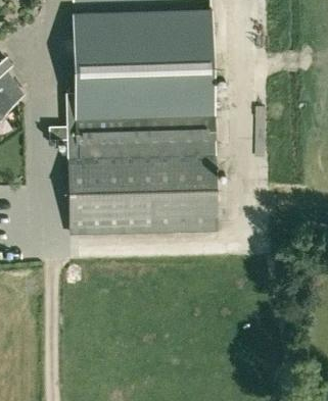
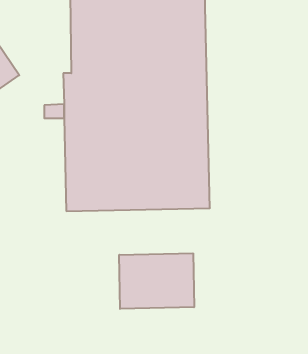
building: none -> [119,253,194,309]

